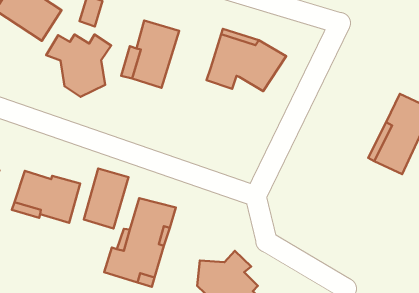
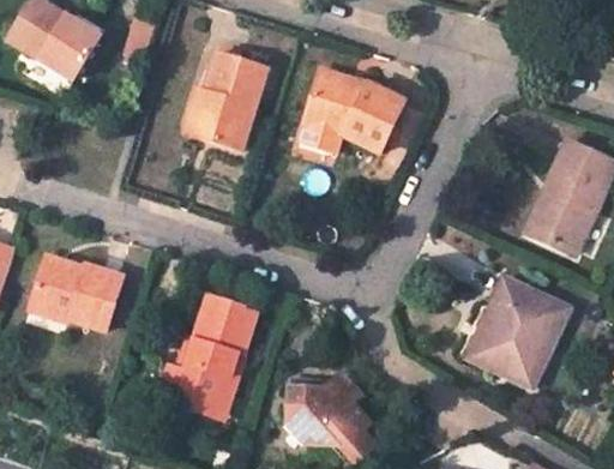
building: [46,34,111,97] -> none
building: [84,168,128,228] -> none
building: none -> [459,282,571,392]

